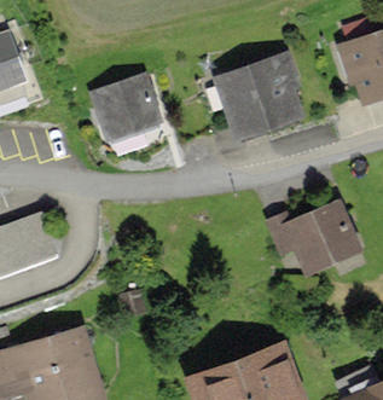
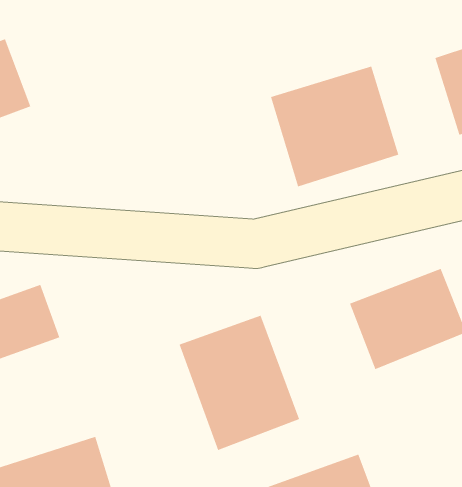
building: [87,73,159,138] -> none
building: none -> [179,315,300,451]

